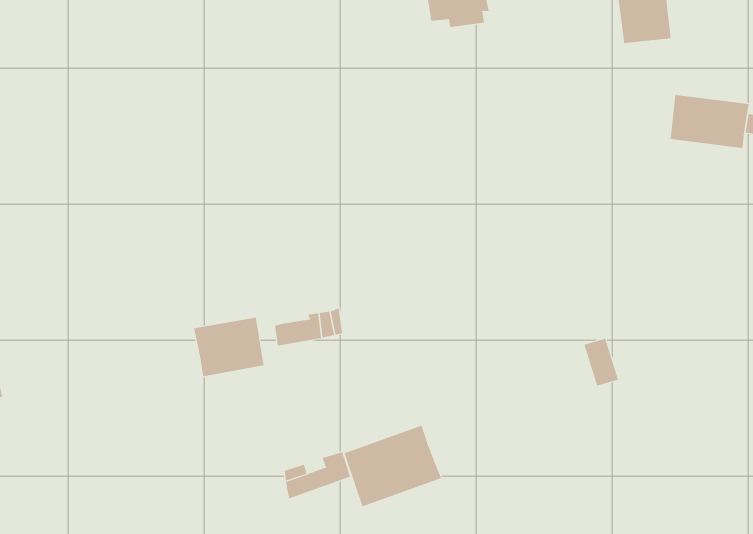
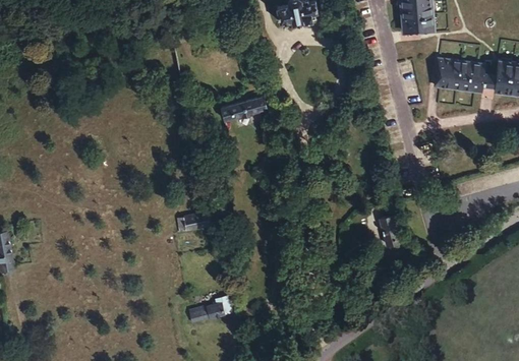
building: none -> [222,94,266,117]
building: [194,317,264,377] -> none
building: [344,425,442,507] -> none

